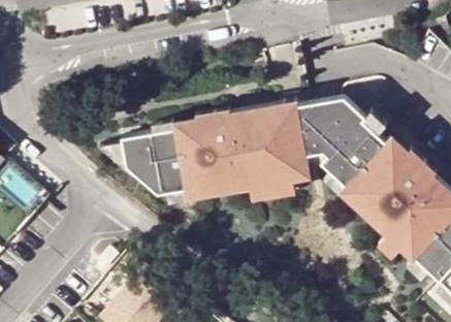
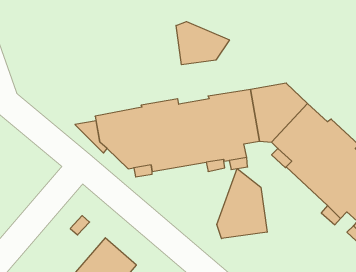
building: none -> [176,22,229,65]
building: none -> [217,169,267,239]

